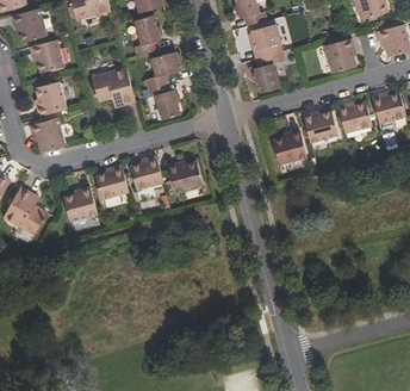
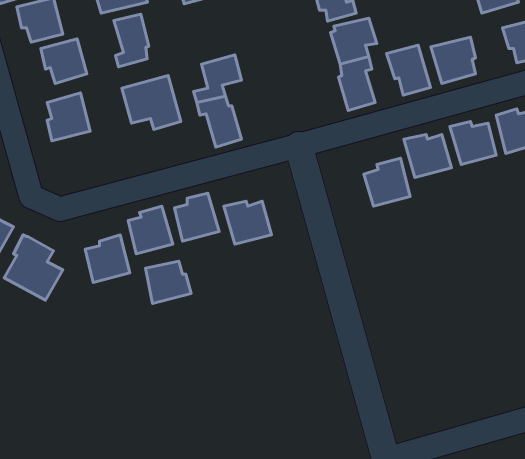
building: [135,15,161,55] -> [114,14,149,67]
building: none -> [386,45,431,95]
building: [31,118,66,151] -> none
building: none -> [146,261,191,304]

